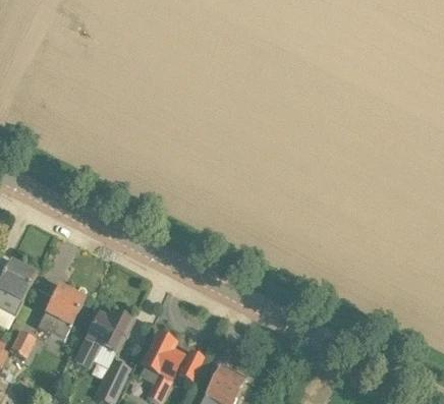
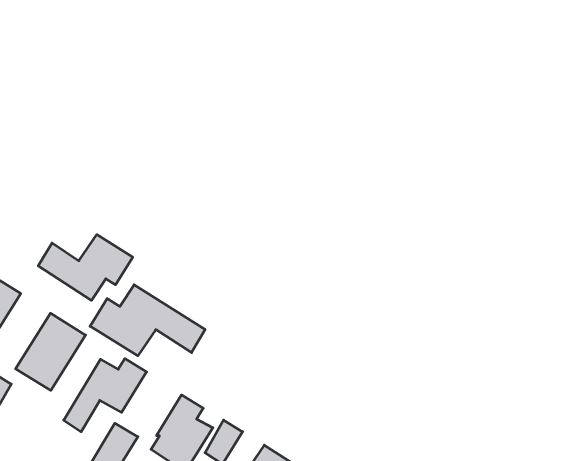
building: none -> [38,235,133,300]
building: none -> [90,285,205,356]

